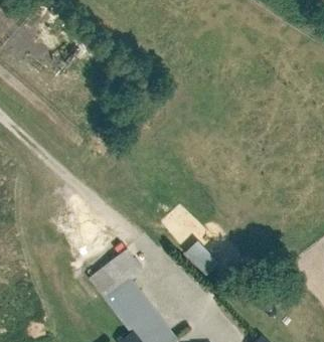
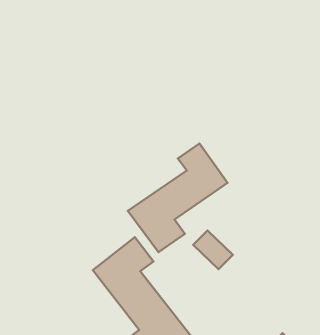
building: none -> [128,144,228,252]

